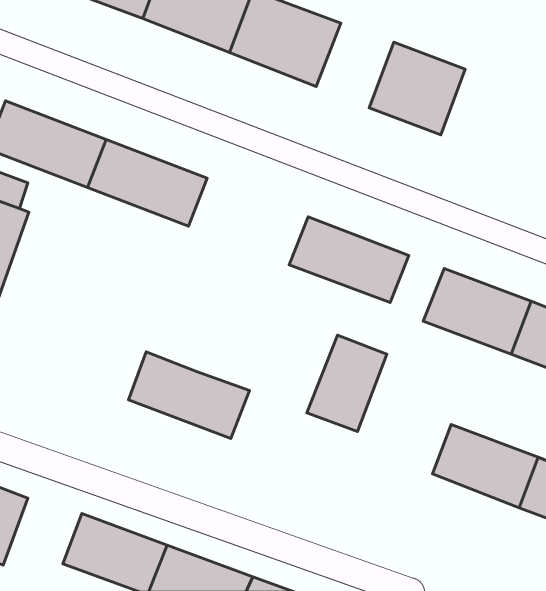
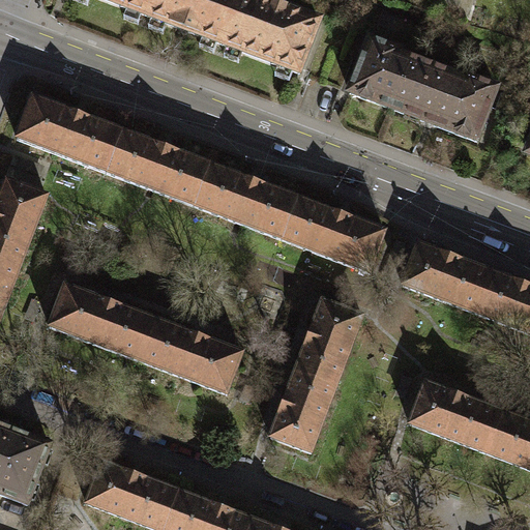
building: none -> [411,64,497,146]
building: none -> [188,160,294,237]
building: none -> [45,279,151,356]
building: none -> [267,367,337,452]

